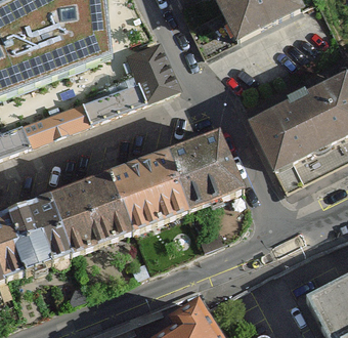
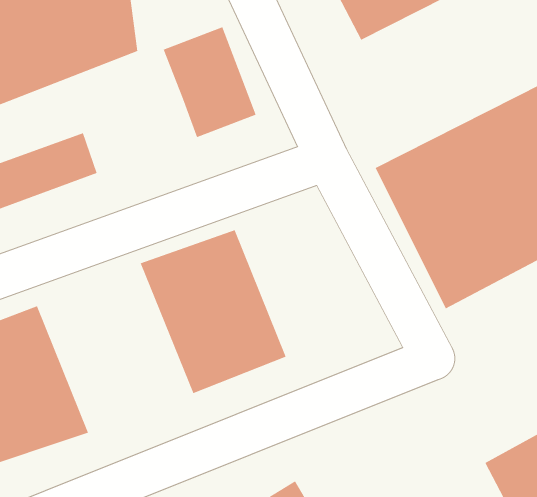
building: [76,74,141,117] -> none
building: [164,128,247,223] -> none
building: [49,169,139,267] -> none

